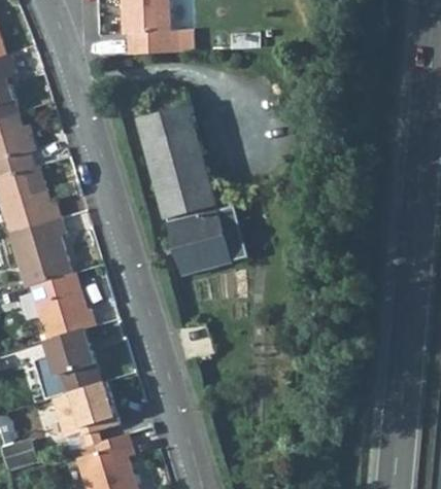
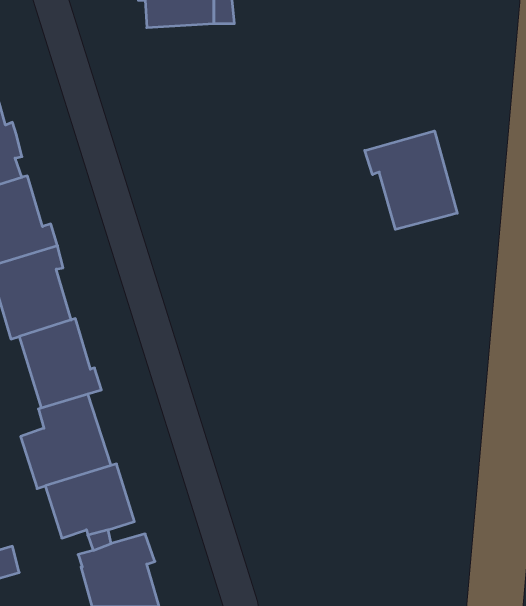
building: [139,86,248,277] -> none
building: none -> [365,131,457,229]

